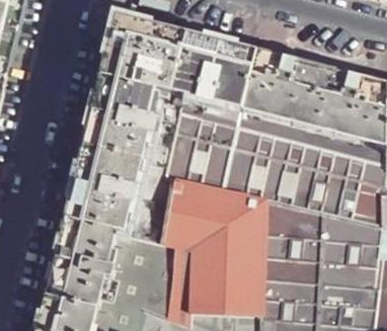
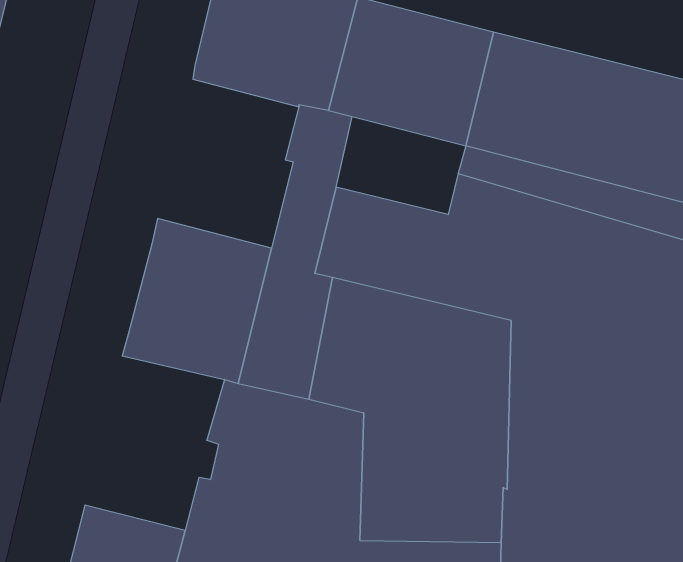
building: [83,75,156,162] -> none
building: [175,94,242,145] -> none
building: [46,218,118,308] -> none

